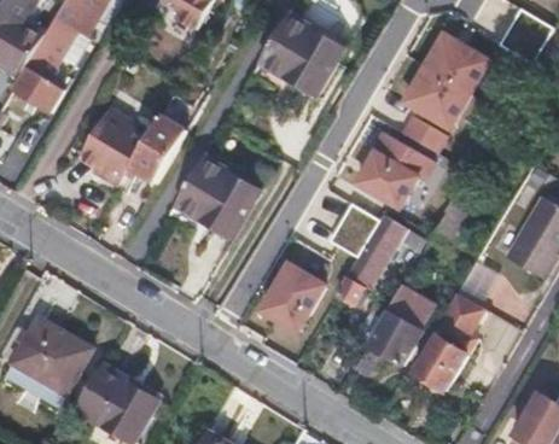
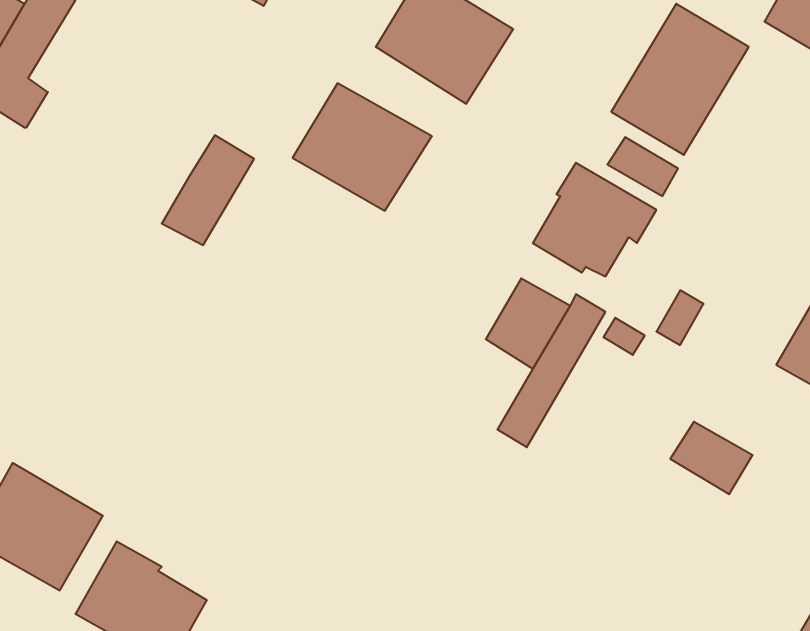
building: [82,112,145,187] -> none
building: [173,158,258,236] -> [293,83,432,211]
building: [261,264,322,331] -> none
building: [368,286,435,364] -> none
building: [414,321,474,388] -> none

